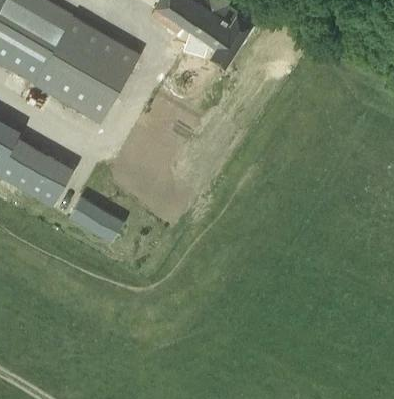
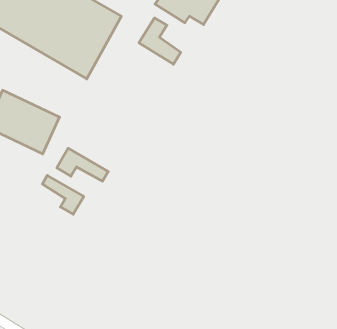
building: none -> [139,18,181,64]
building: none -> [42,175,84,214]

